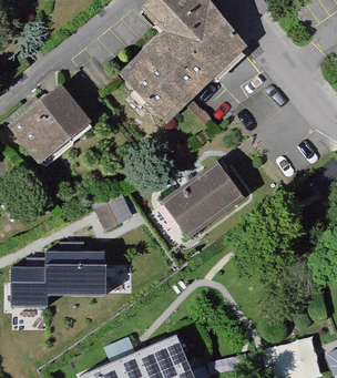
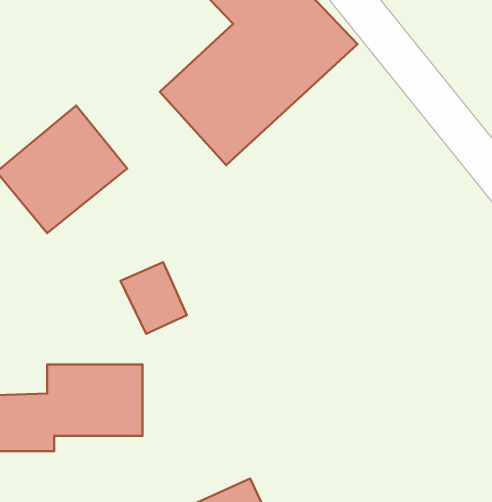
building: [164,160,246,237] -> none

